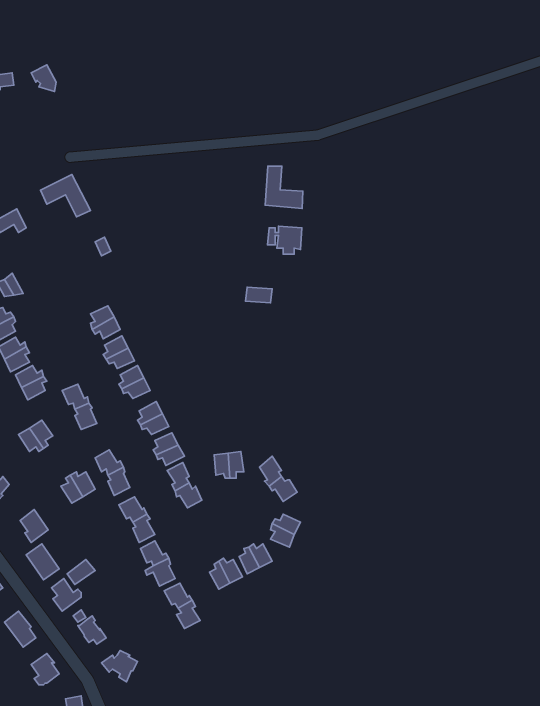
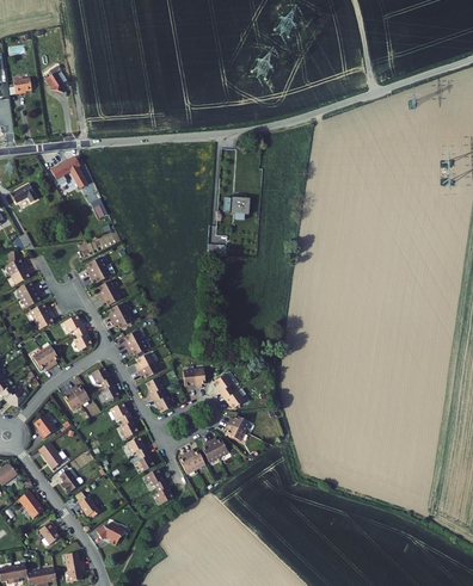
building: [265,166,303,209] -> none

